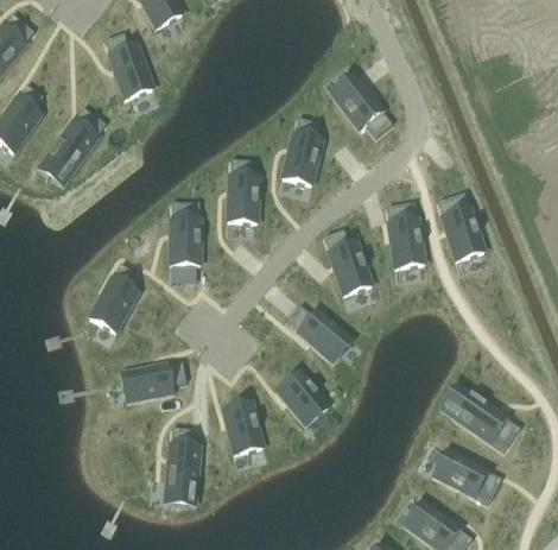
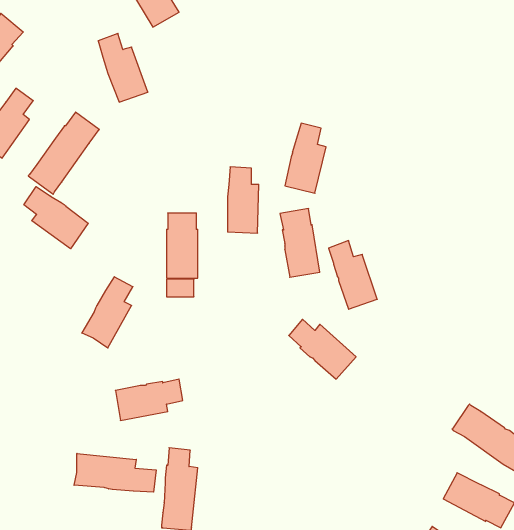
building: [331,76,392,138] -> none
building: none -> [24,187,88,249]
building: [438,194,483,261] -> none
building: [386,203,424,268] -> [280,209,320,277]
building: [277,372,328,426] -> none
building: [222,404,261,455] -> none
building: none -> [74,453,156,492]

